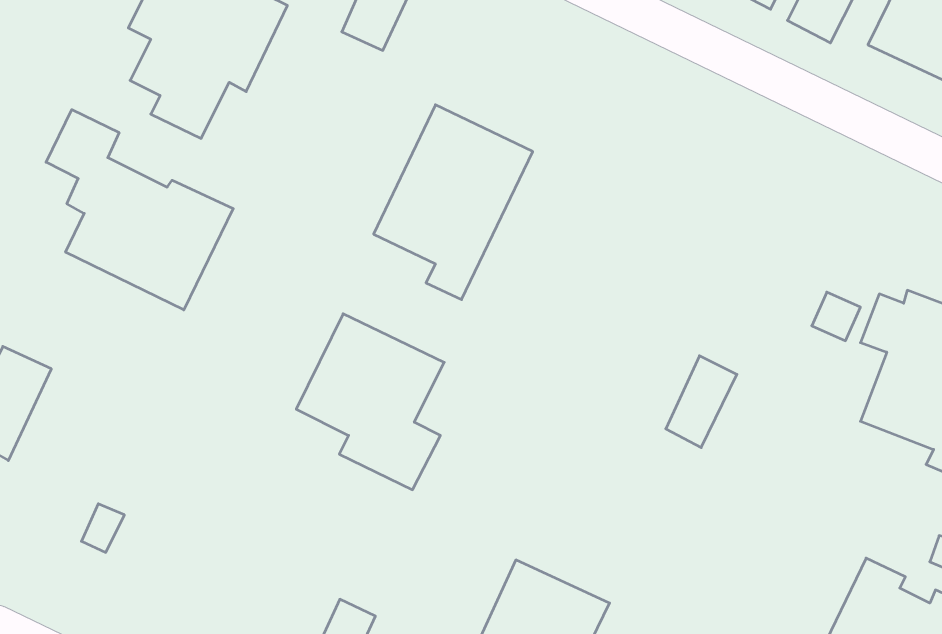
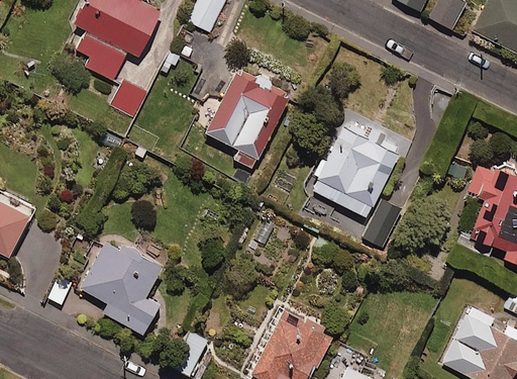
building: [46,110,233,310] -> none
building: none -> [314,120,398,217]
building: [296,314,444,490] -> [80,239,160,334]

